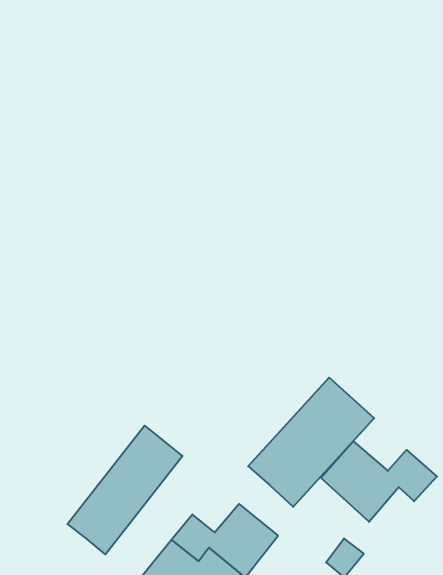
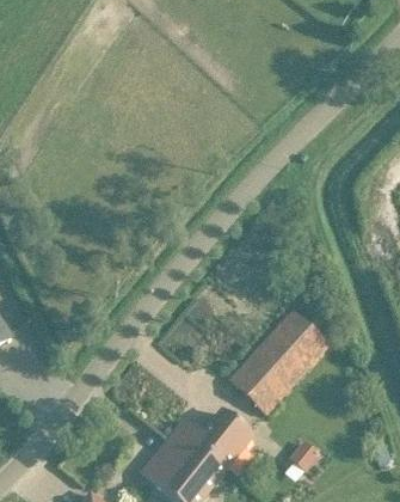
building: [67,426,183,554] -> none
building: [321,441,437,522] -> none

